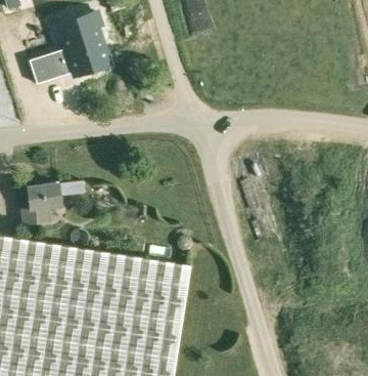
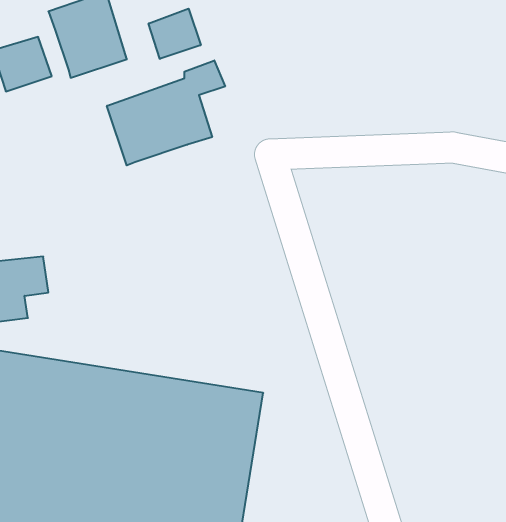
building: none -> [149,9,201,59]
building: none -> [107,60,225,165]

